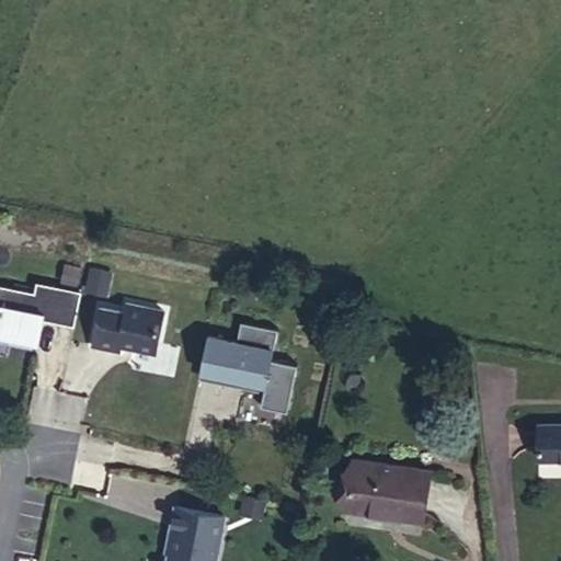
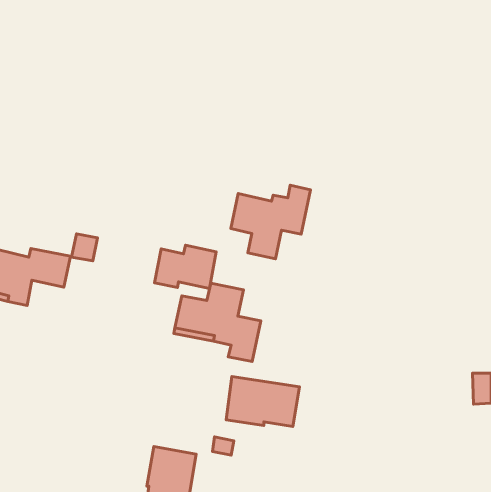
building: none -> [231,185,311,259]
building: [91,305,161,354] -> [154,245,216,289]
building: [344,460,427,517] -> [226,376,300,427]

